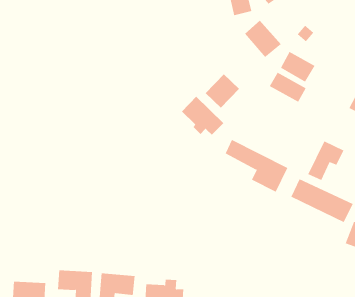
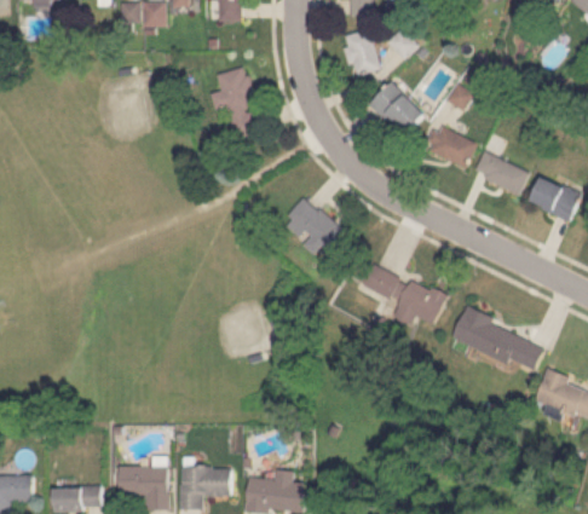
building: none -> [209,68,260,140]
building: [269,72,307,103] -> [474,151,530,195]
building: [205,73,240,108] -> none
building: [308,141,344,181] -> none

